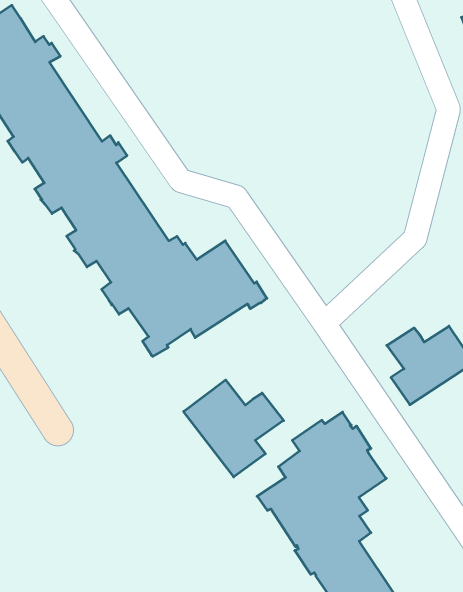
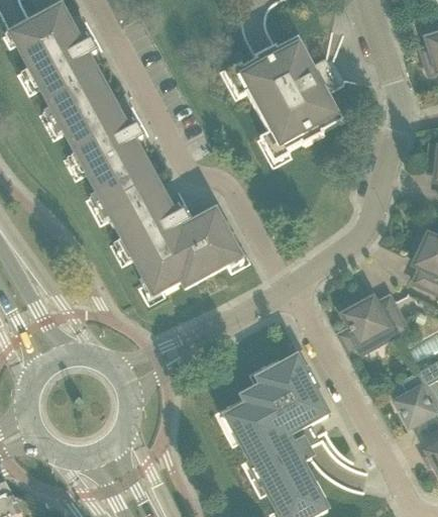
building: none -> [226,35,344,161]
building: [184,380,284,477] -> none

